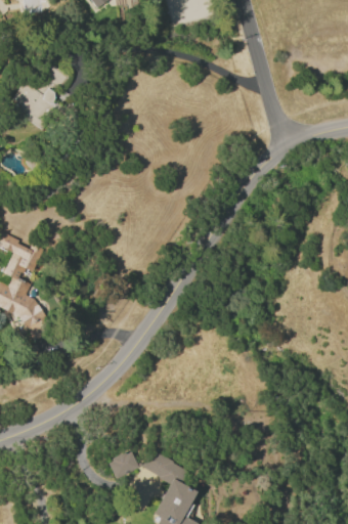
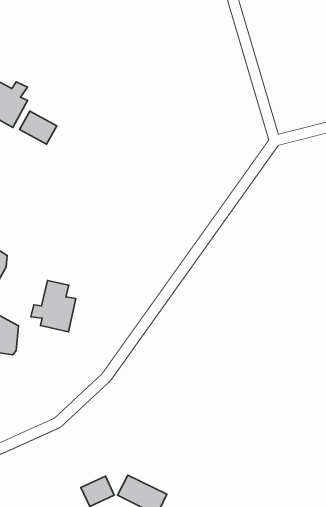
building: none -> [20,111,57,144]
building: none -> [31,281,76,332]

